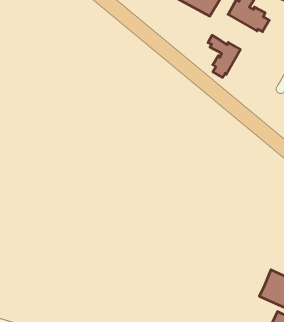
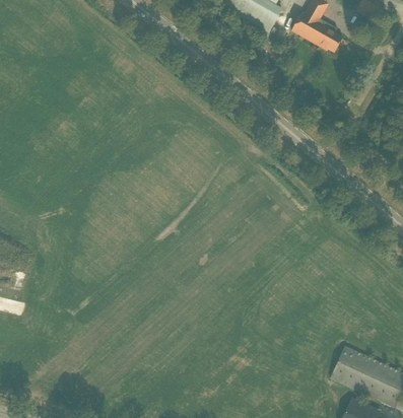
building: [208,35,240,77] -> none

